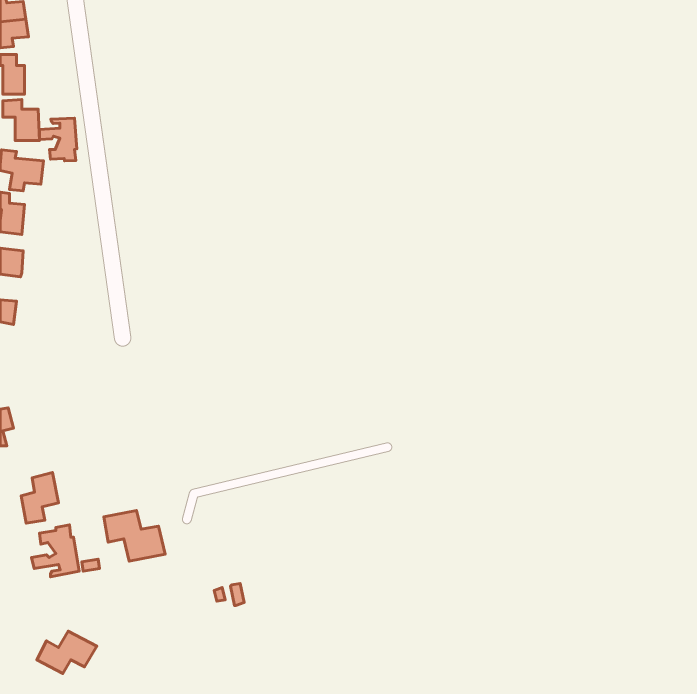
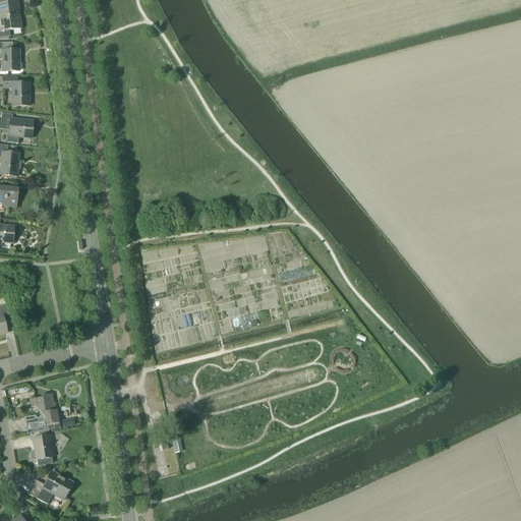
building: [40,118,77,161] -> none
building: [21,473,58,523] -> none
building: [104,511,165,561] -> none
building: none -> [32,433,53,459]

